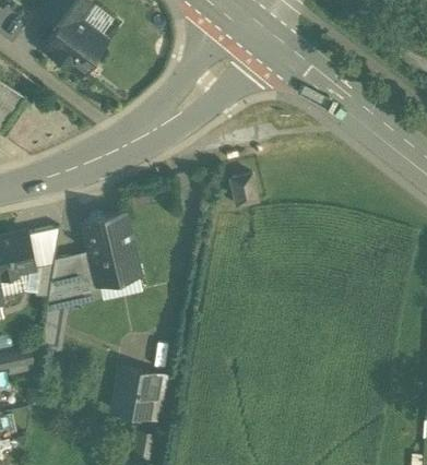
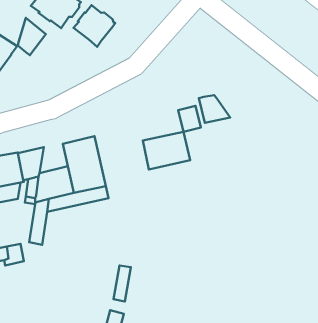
building: none -> [73,5,115,47]
building: none -> [18,18,46,55]
building: none -> [199,95,230,123]
building: none -> [143,132,190,170]
building: [111,369,154,418] -> none

